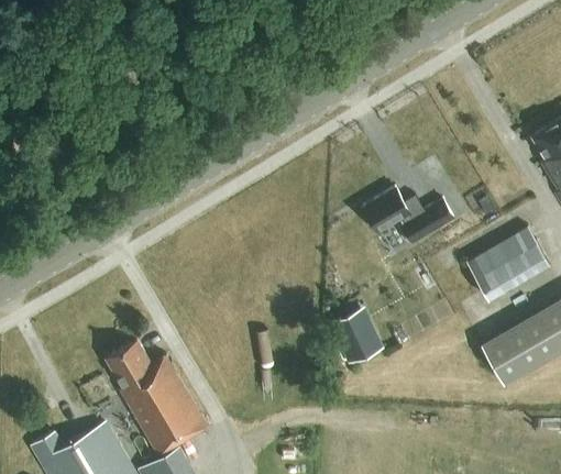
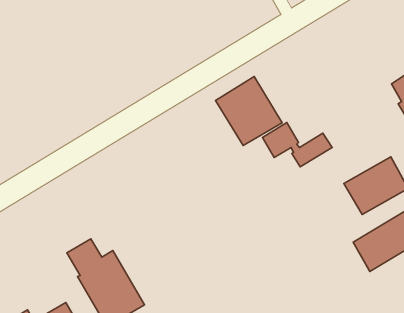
building: none -> [215,77,282,146]
building: [331,310,386,370] -> none

